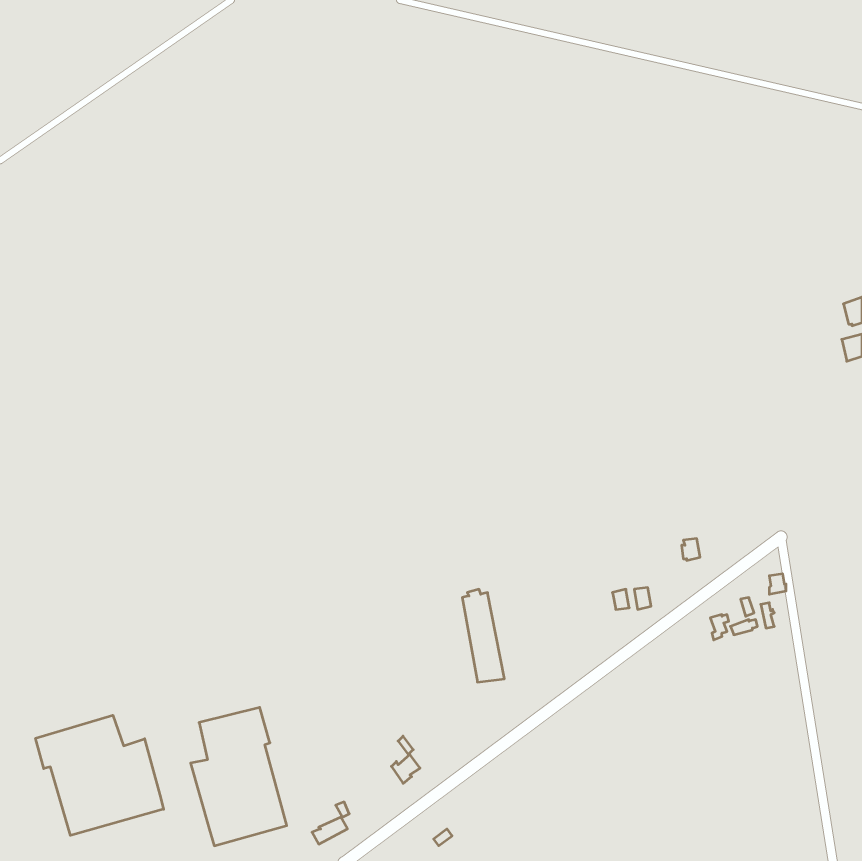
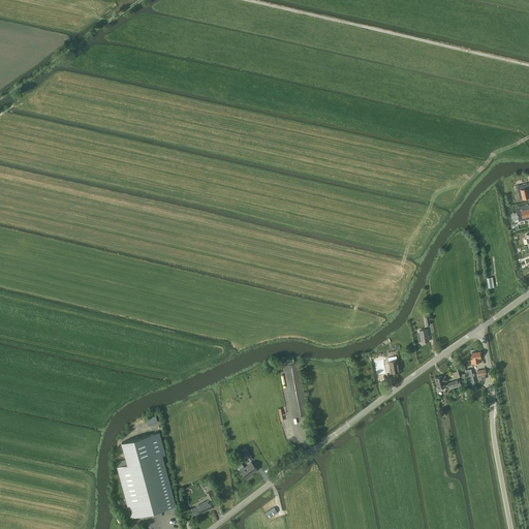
building: [36,715,164,835] -> none

